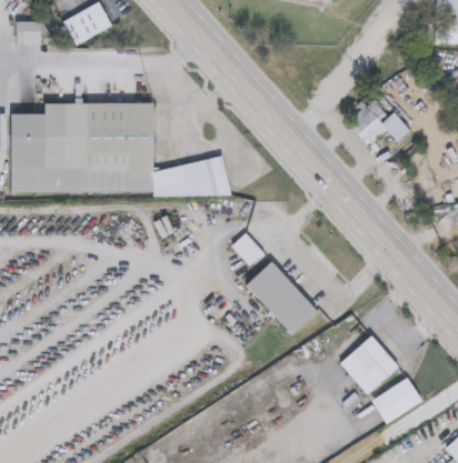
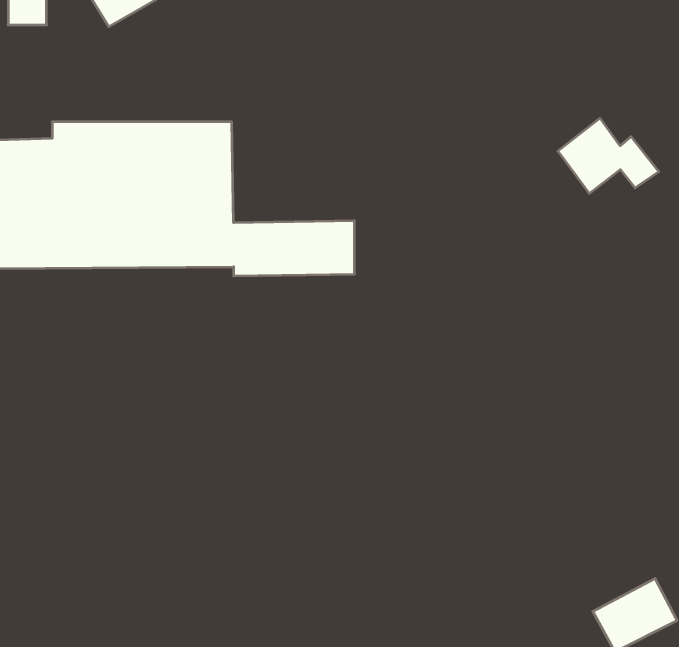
building: [231,233,265,266] -> none
building: [246,261,317,334] -> none
building: [340,336,400,396] -> none

